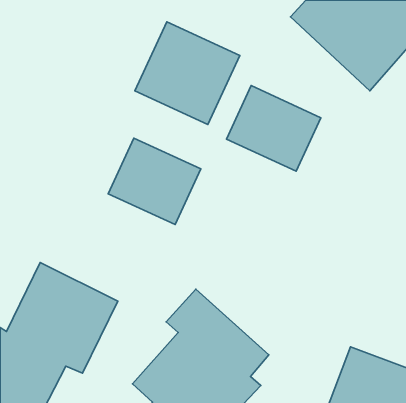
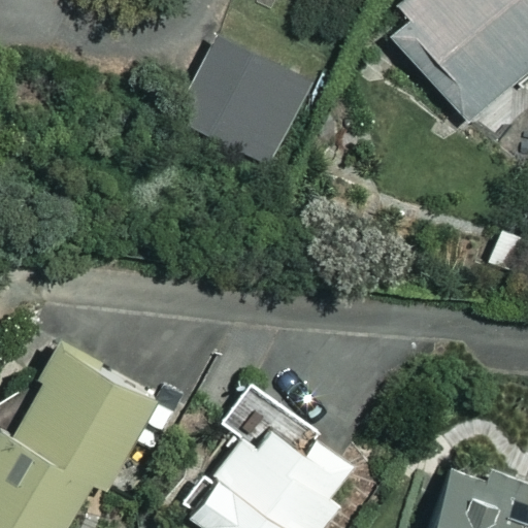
building: [227,86,321,171] -> none
building: [108,138,201,224] -> none

